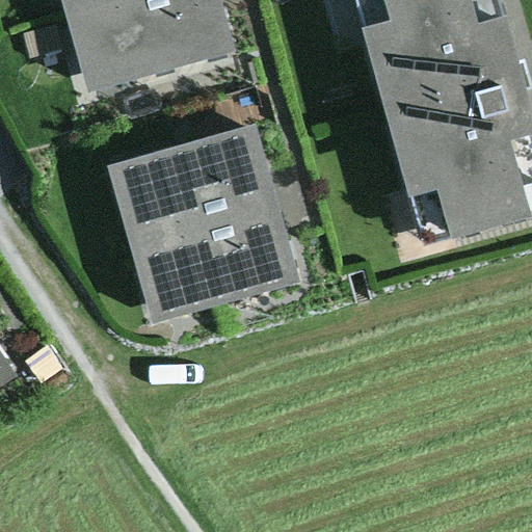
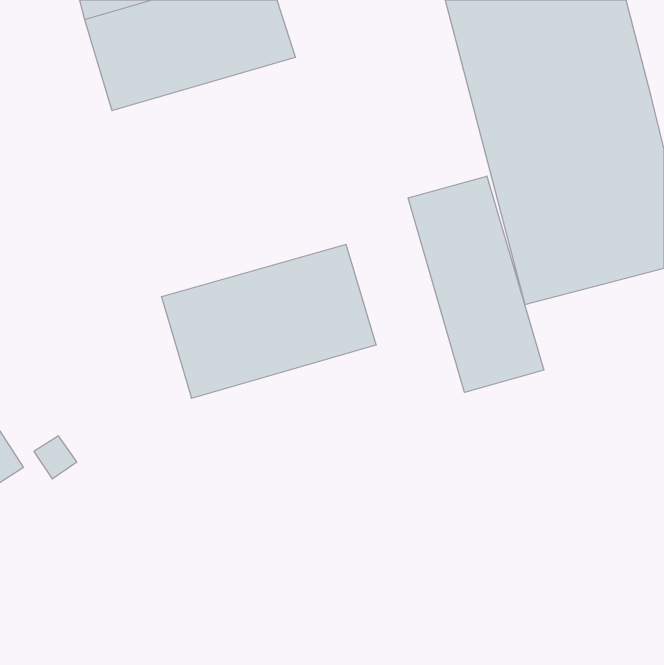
building: [108,118,276,237] -> none
building: none -> [408,176,544,392]

